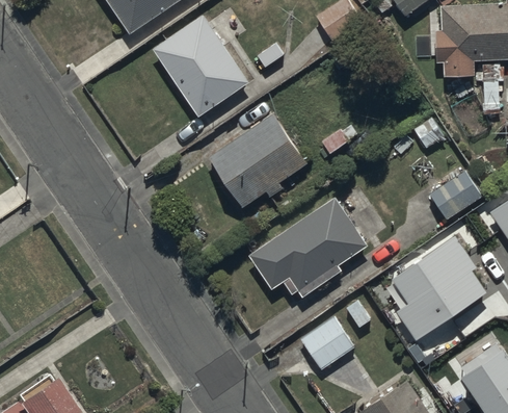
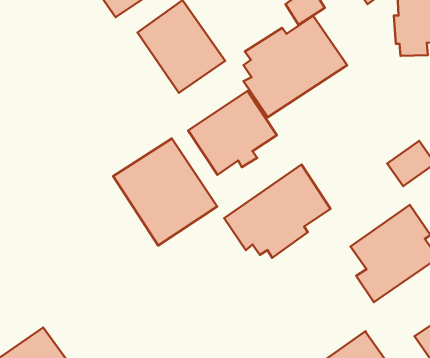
building: none -> [244,16,347,117]
building: none -> [113,138,217,246]
building: [298,315,355,372] -> none

